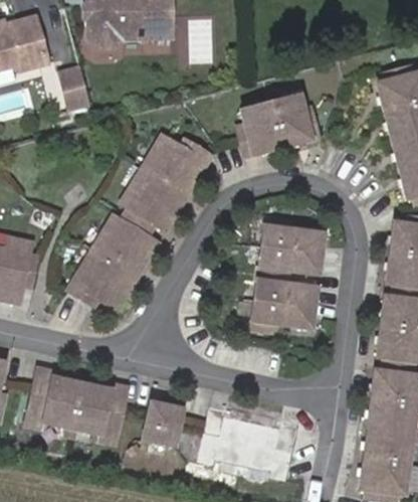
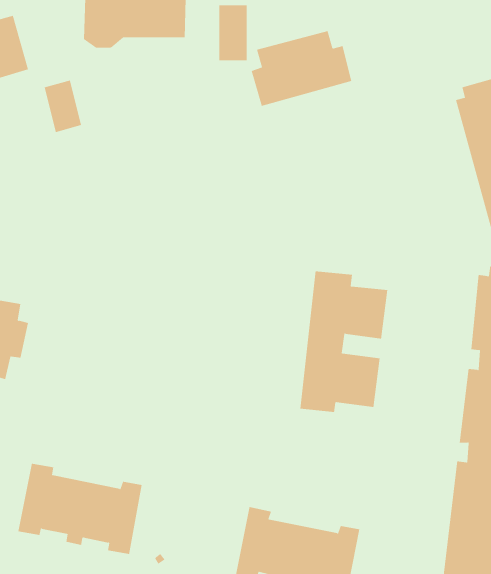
building: [236,95,317,155] -> [251,30,352,106]
building: [69,135,210,310] -> none
building: [146,402,184,446] -> none

